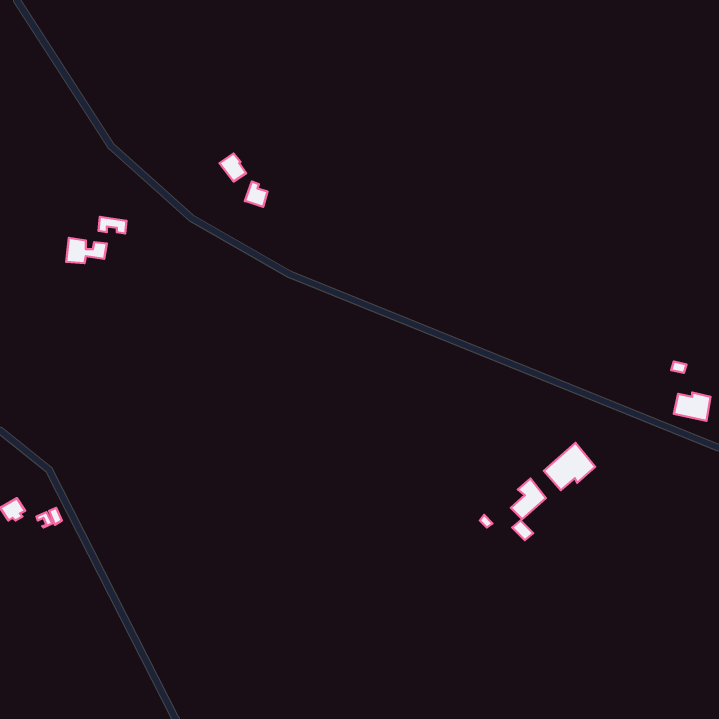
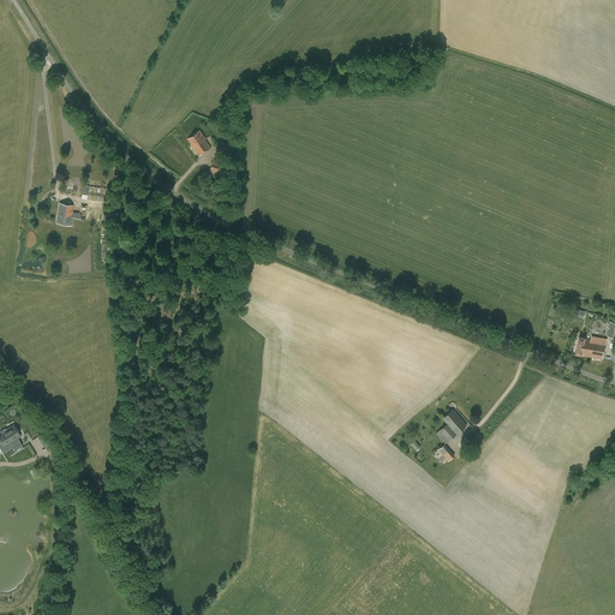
building: [544,443,595,490] -> none

